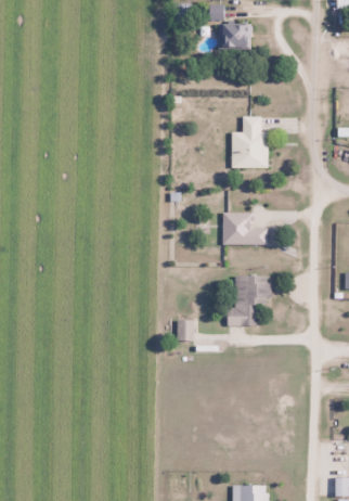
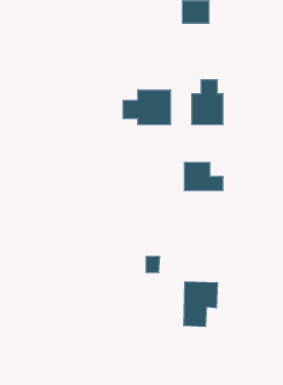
building: none -> [123,90,171,125]
building: [231,274,271,326] -> [183,282,218,326]

